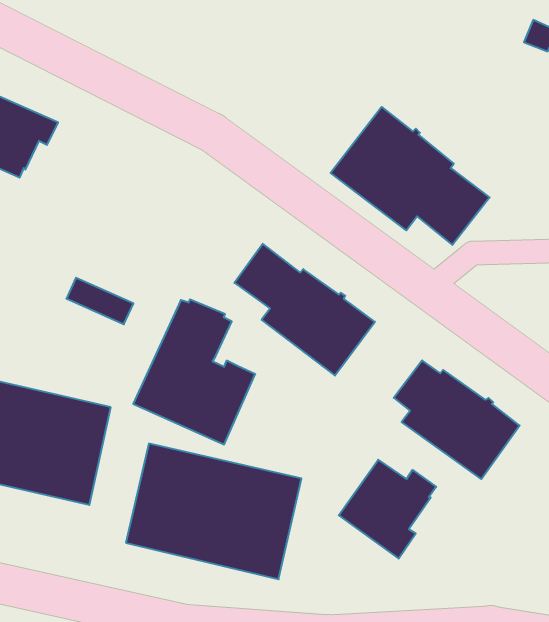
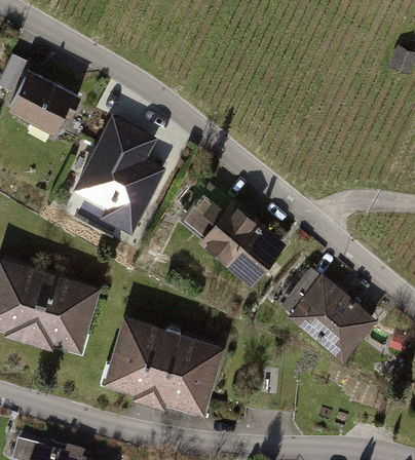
building: [331,107,490,245] -> none
building: [133,299,255,444] -> [77,119,159,217]
building: [339,460,436,559] -> none

